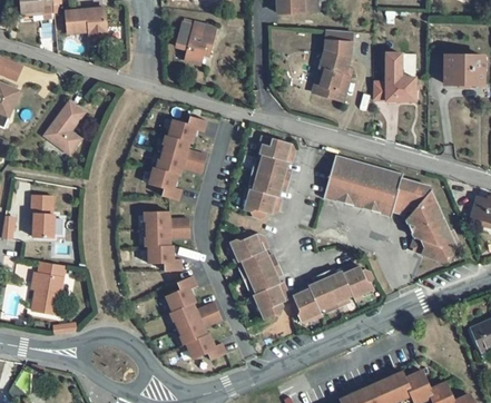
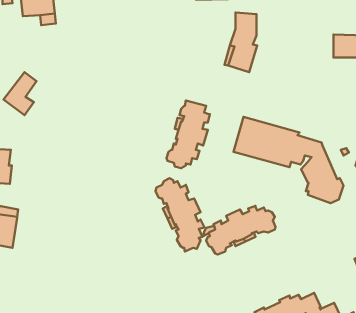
building: [176,21,216,63] -> none
building: [385,53,415,100] -> none
building: [149,116,206,200] -> none
building: [144,212,189,271] -> none
building: [166,275,226,360] -> none

